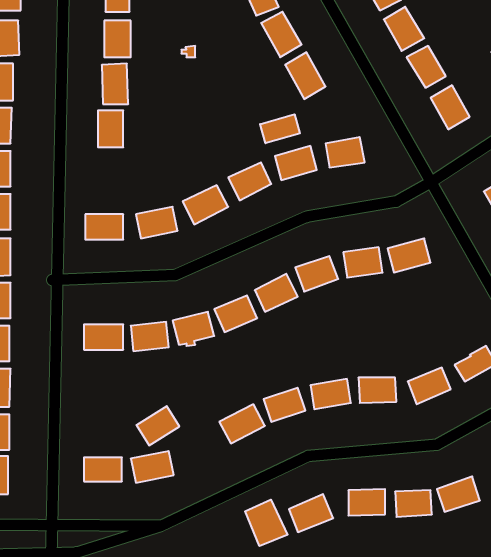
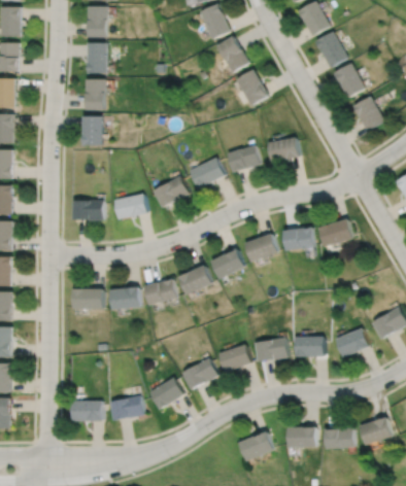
building: [260,114,300,143] -> none
building: [136,406,179,445] -> [148,375,183,407]
building: [245,500,288,546] -> none

